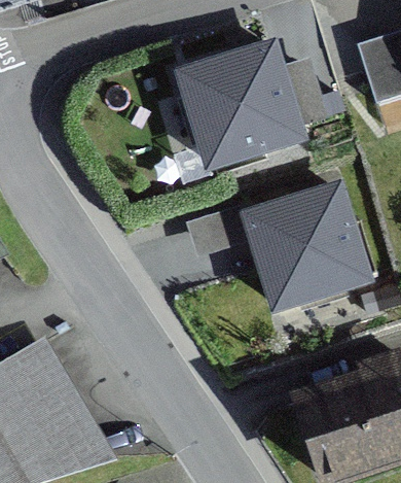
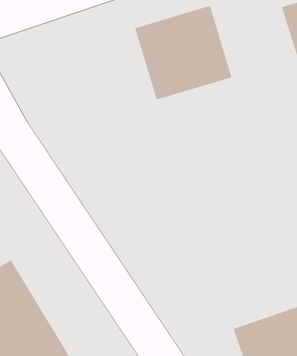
building: [250,181,364,296] -> none

